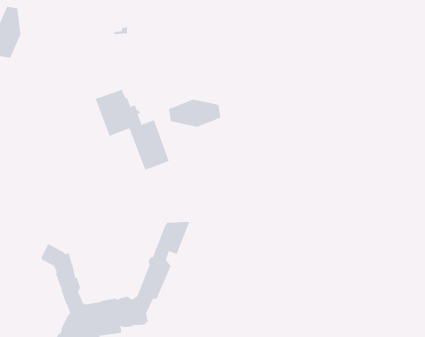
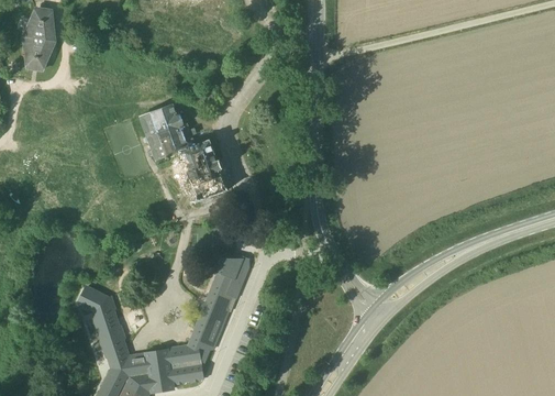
building: [169,99,221,127] -> none

